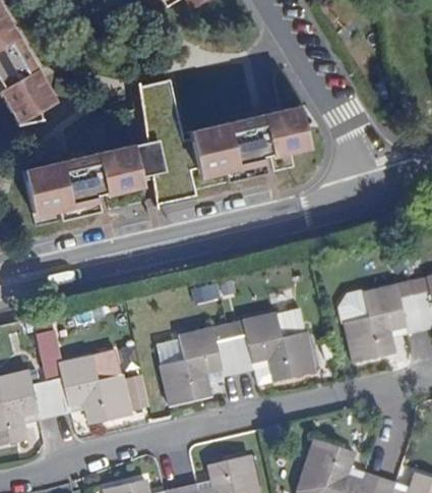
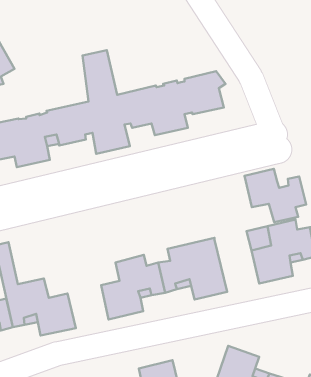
building: none -> [245,169,306,222]

